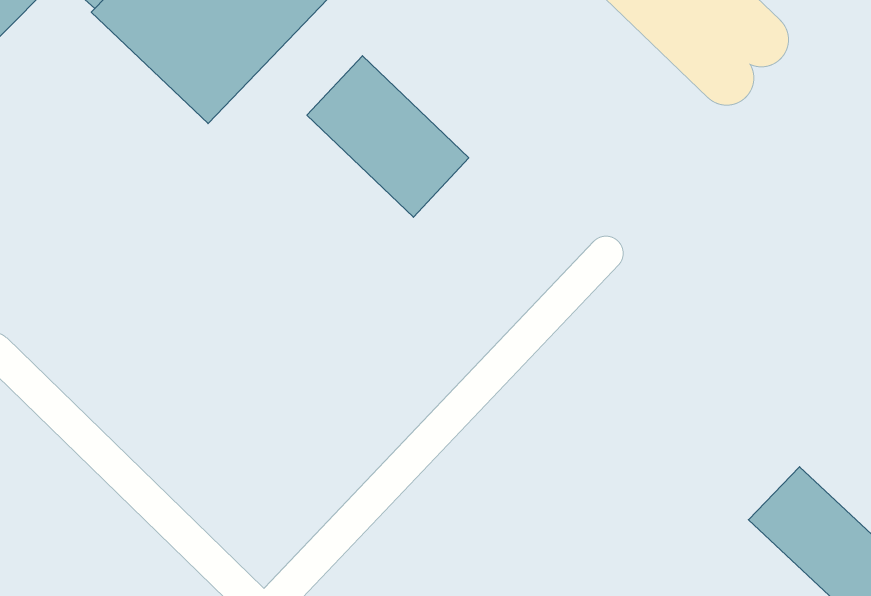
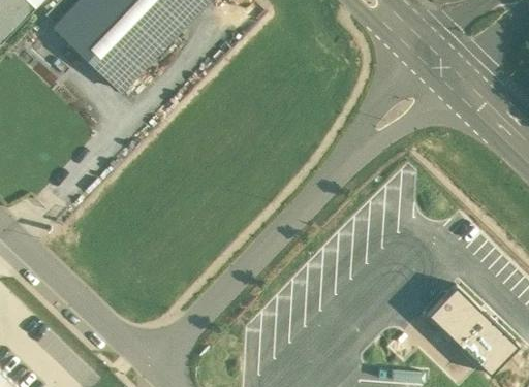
building: [307,56,469,217] -> none

